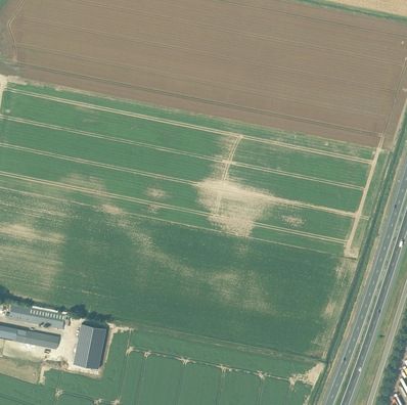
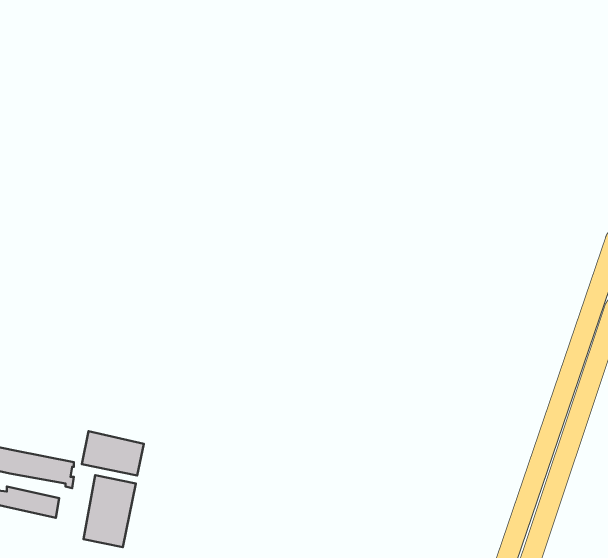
building: none -> [82,431,144,476]

